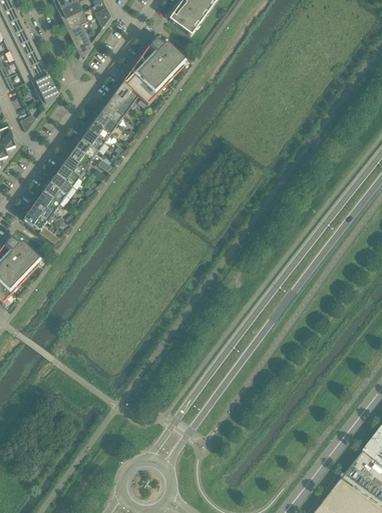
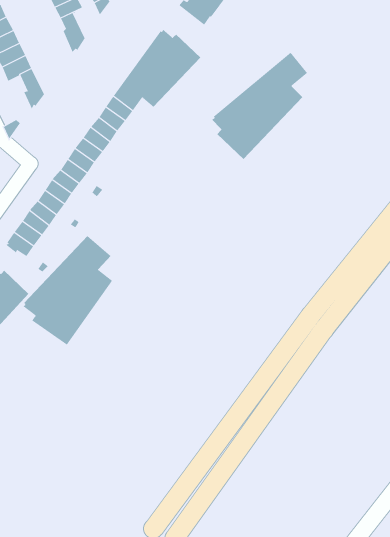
building: none -> [211,52,308,160]
building: none -> [22,235,113,346]

